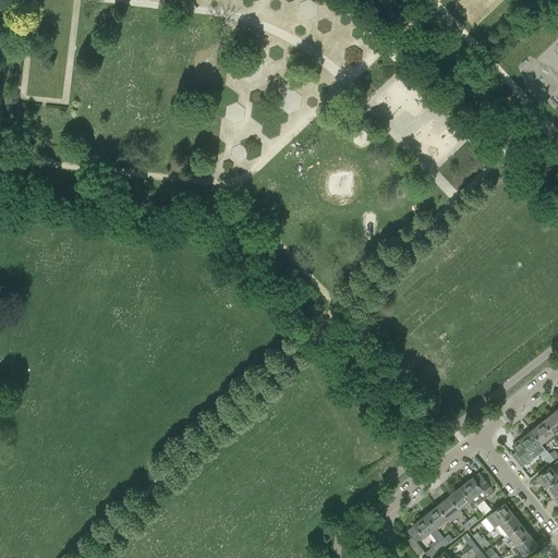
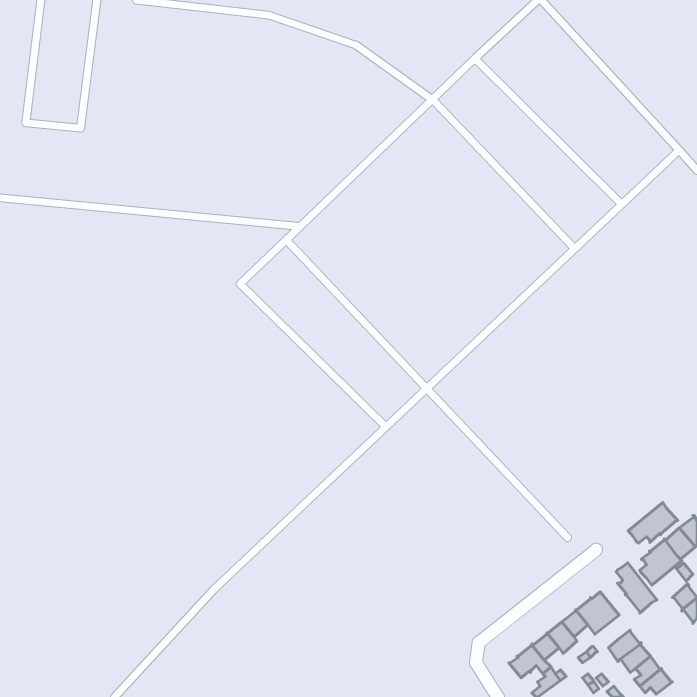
building: none -> [628,502,678,543]
building: none -> [616,563,657,613]

